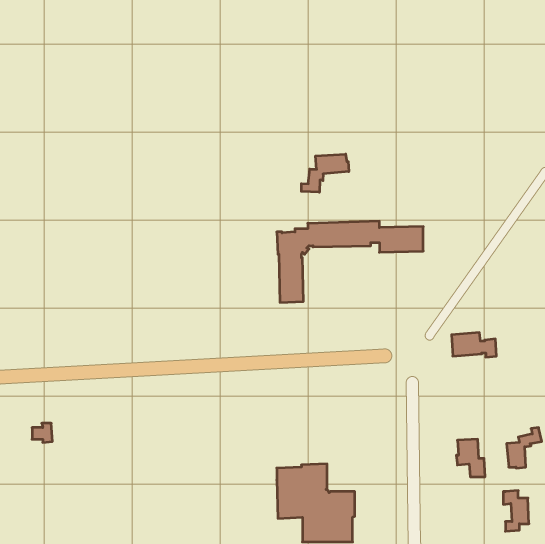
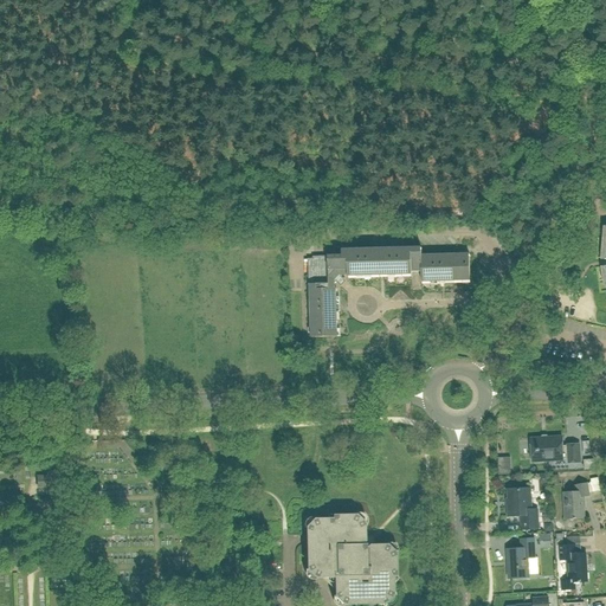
building: [301,154,349,192] -> none
building: [452,333,496,357] -> [529,434,579,462]
building: none -> [505,536,534,576]

